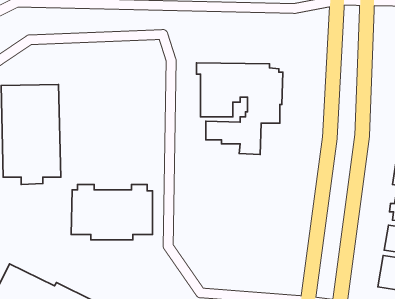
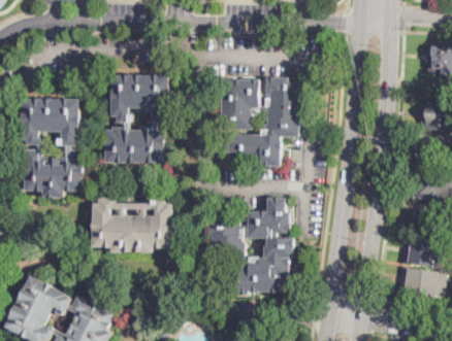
building: none -> [105,75,169,163]
building: none -> [207,199,292,296]

